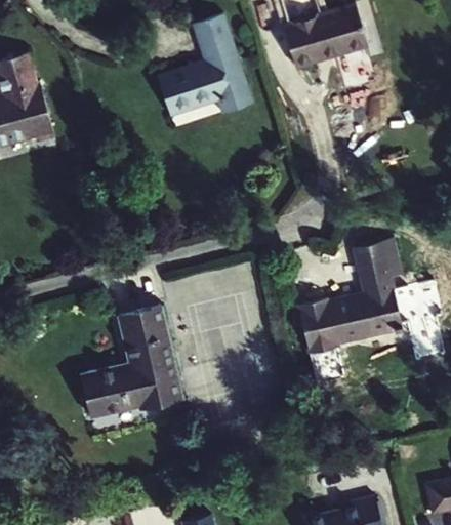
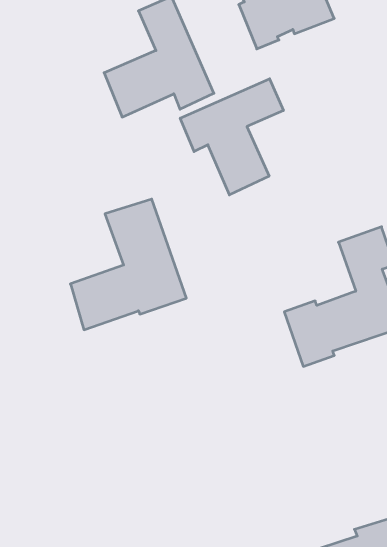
building: none -> [180,79,283,195]
building: [80,307,182,417] -> [70,199,186,330]

